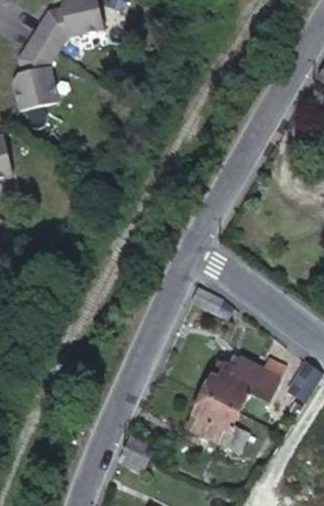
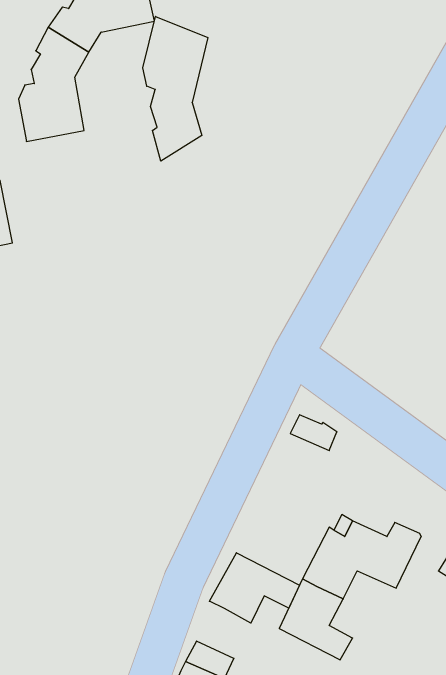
building: none -> [143,16,208,161]
building: none -> [209,553,299,623]

